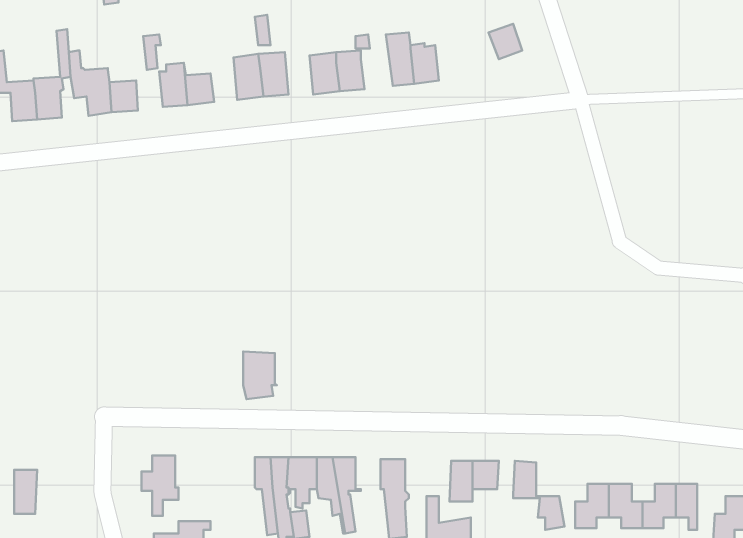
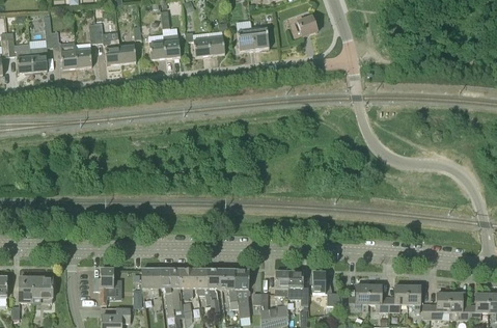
building: [243,351,277,399] -> [141,268,161,296]
building: none -> [219,269,238,308]
building: none -> [31,276,52,302]

